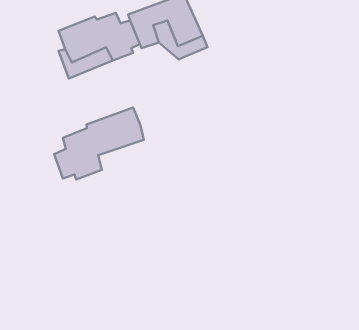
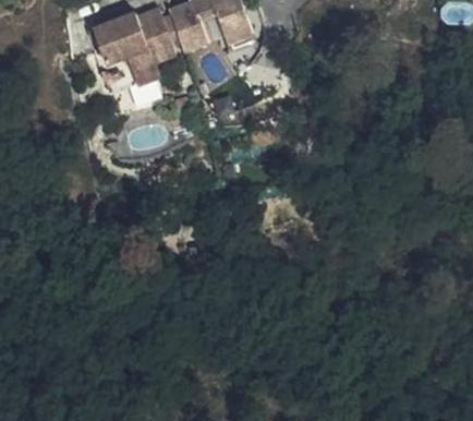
building: [54,107,144,179] -> none

